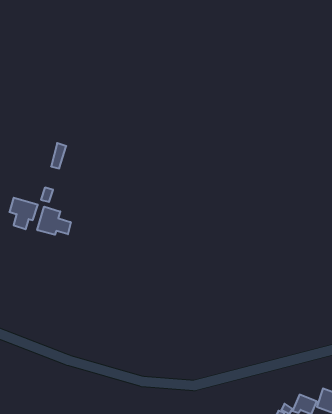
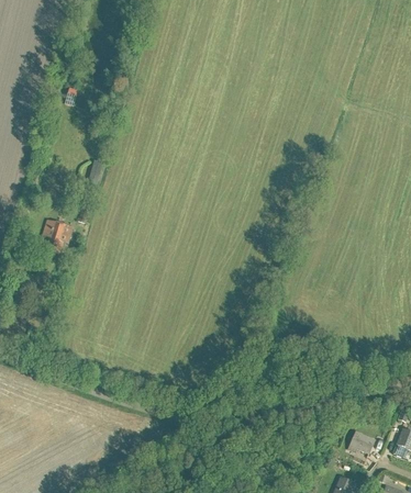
building: [37,207,71,235] -> none

